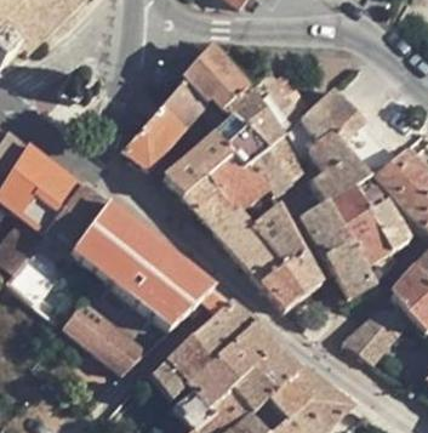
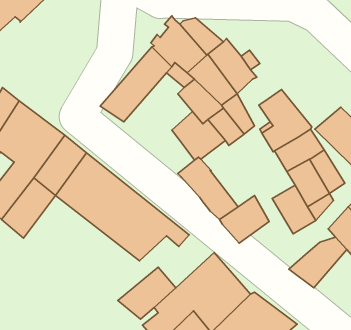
building: [301,87,396,173] -> none
building: [162,135,233,228] -> none
building: [299,201,350,257] -> none
building: [251,206,303,267] -> none
building: [190,298,256,361] -> none
building: [72,310,144,375] -> none

